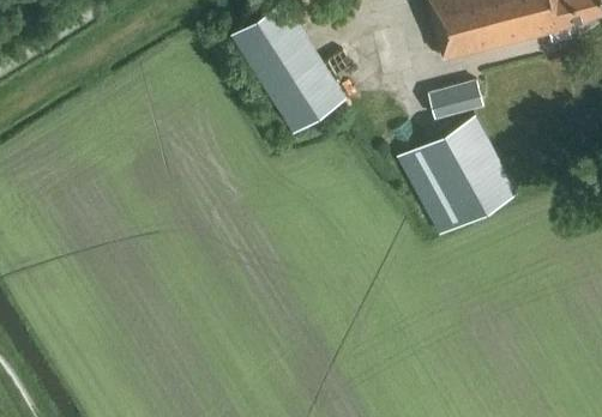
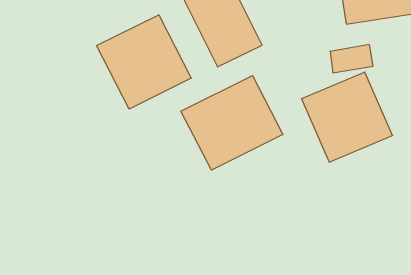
building: none -> [97,15,191,109]
building: none -> [181,76,283,170]

